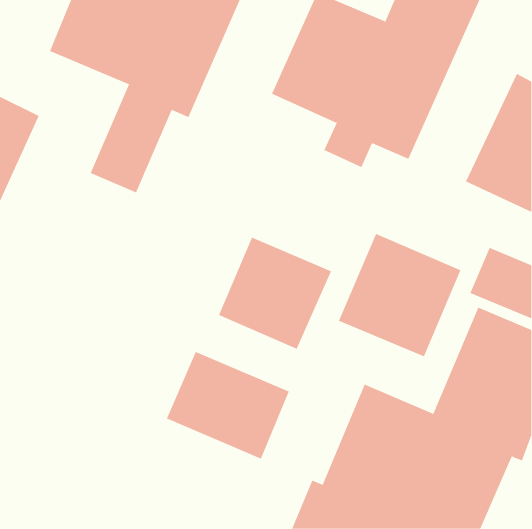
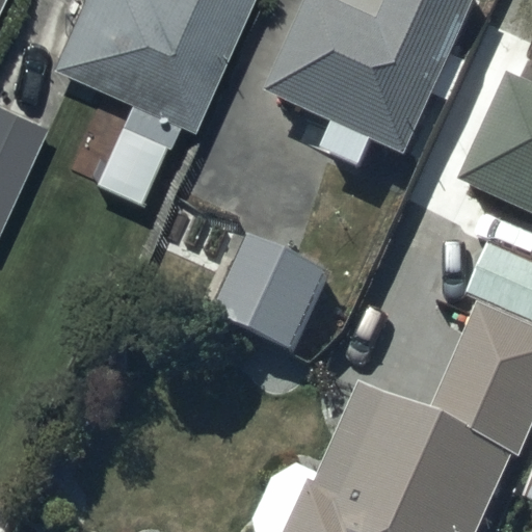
building: [338,233,461,357] -> none
building: [166,351,290,460] -> none

